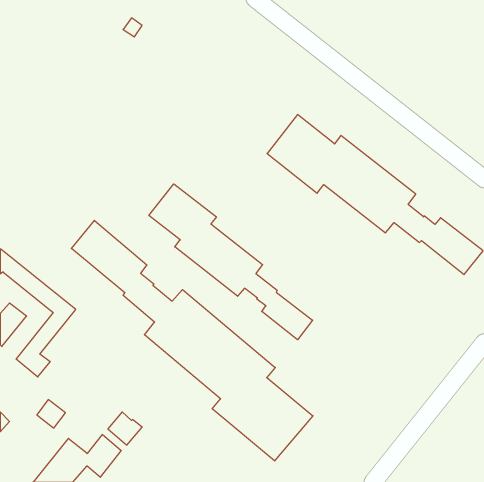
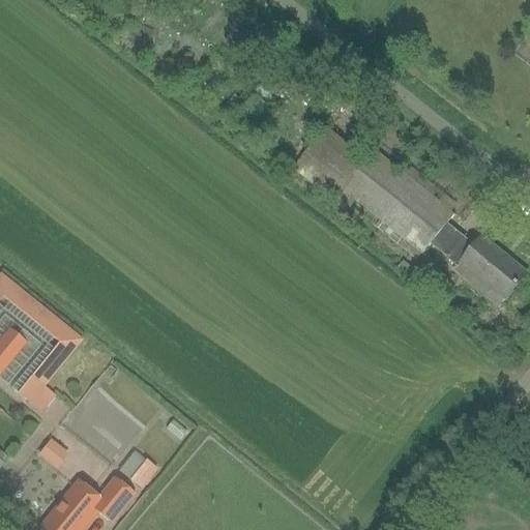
building: [149,184,313,340] -> none
building: [71,220,313,461] -> none

